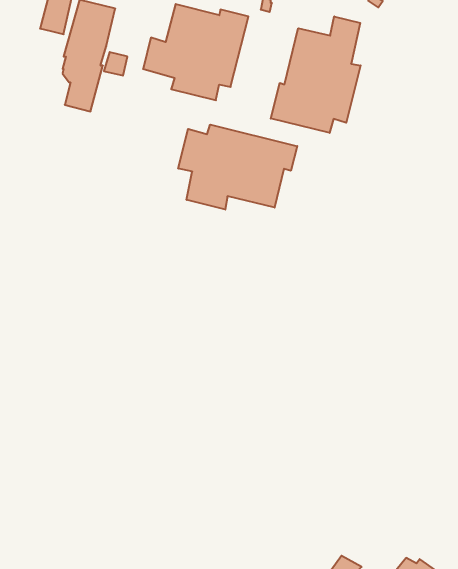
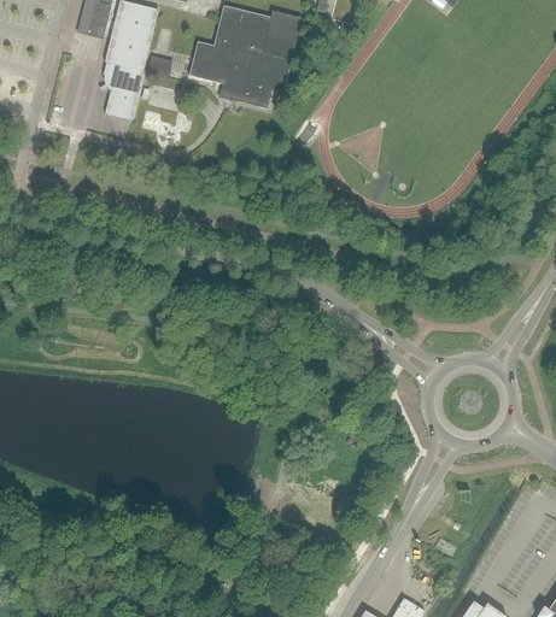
building: [271,16,361,133] -> none
building: [178,125,297,210] -> none

